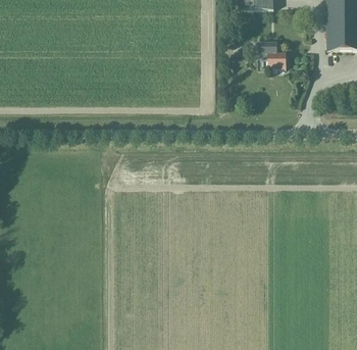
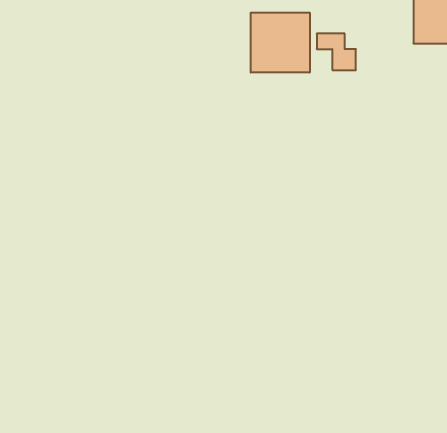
building: none -> [251,13,310,73]

